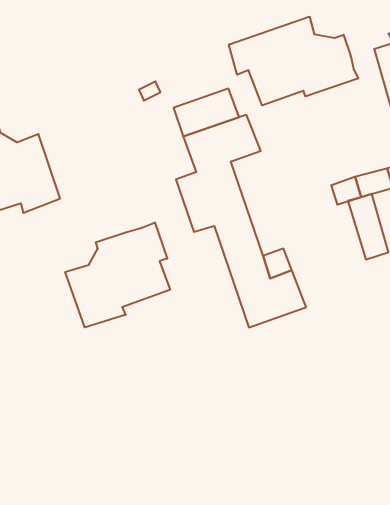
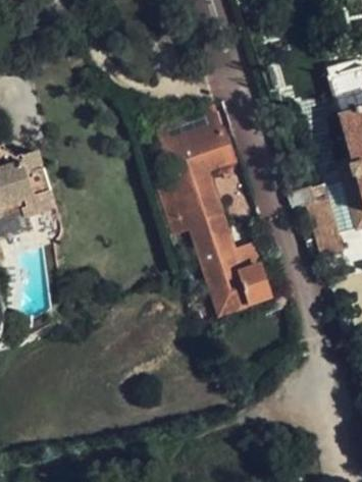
building: [229,17,358,105] -> none
building: [65,222,170,327] -> none

